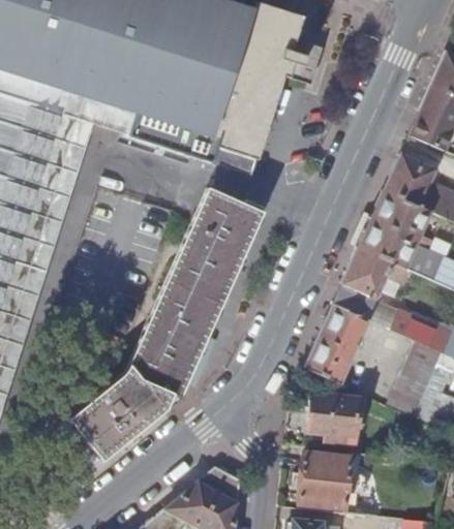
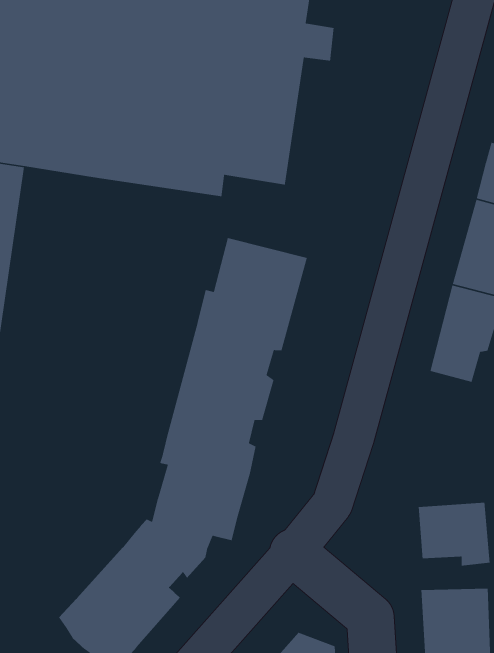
building: [305,304,369,382] -> none

